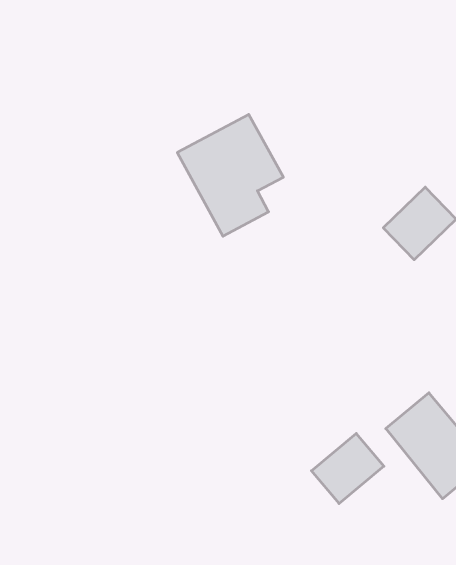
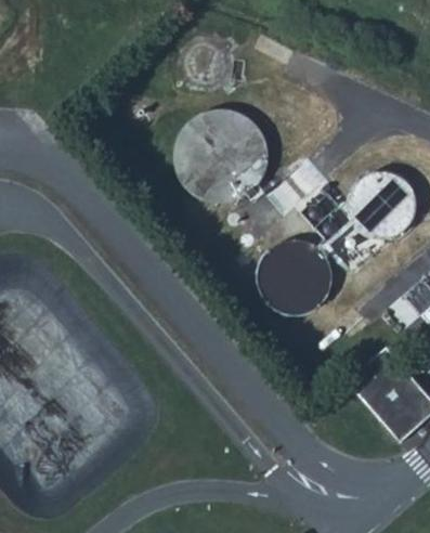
building: none -> [264,247,326,311]
building: [311,433,384,504] -> none

